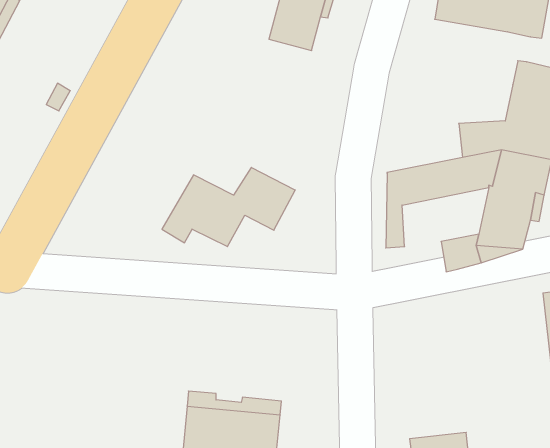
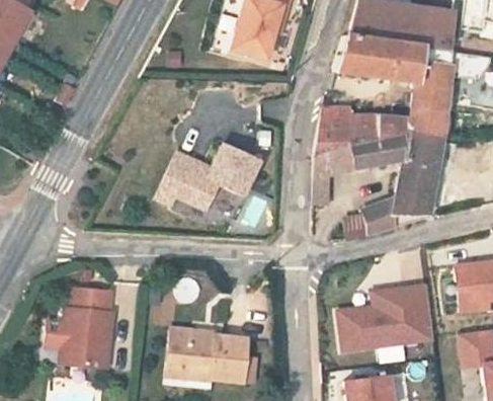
building: none -> [345,30,431,85]
building: none -> [326,111,387,156]
building: none -> [336,274,432,342]
building: none -> [56,287,107,367]

